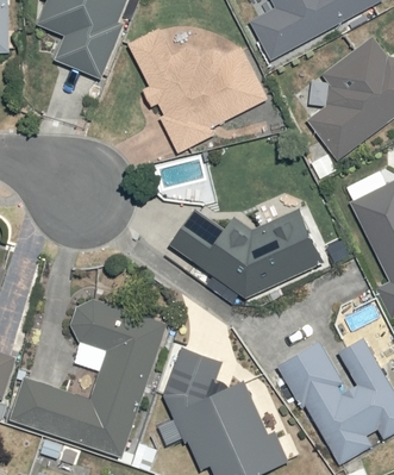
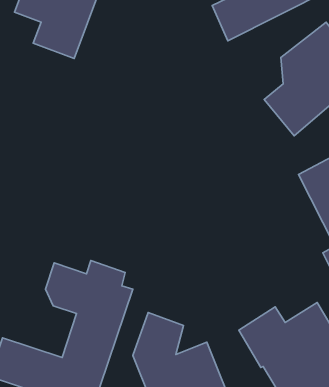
building: [131,30,268,150] -> none
building: [169,208,321,296] -> none

